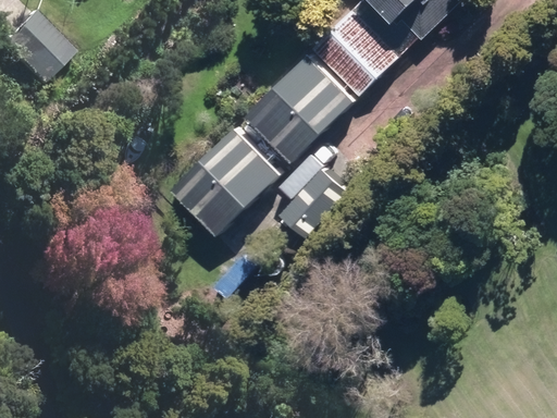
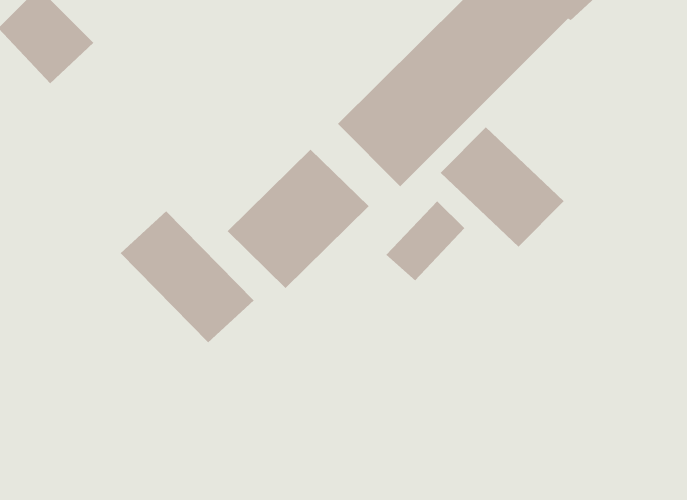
building: none -> [440,127,565,248]
building: none -> [120,211,254,343]

